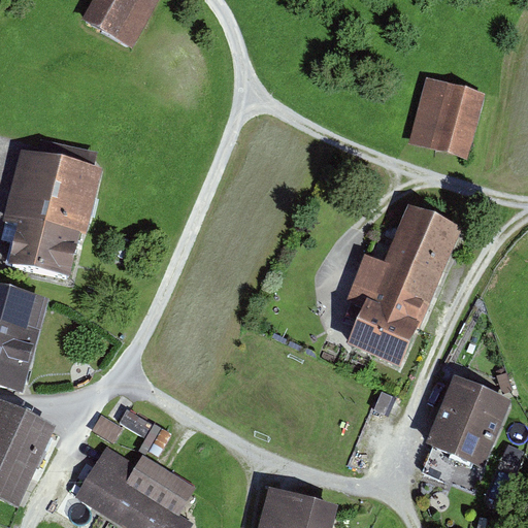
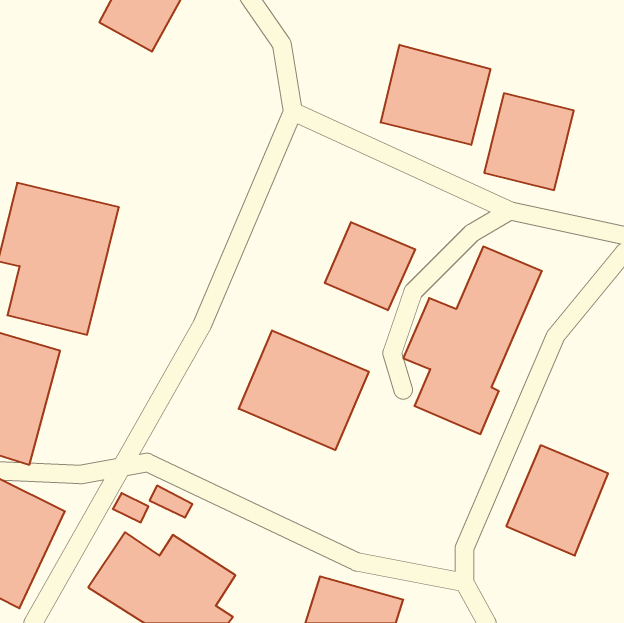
building: none -> [381,45,490,145]
building: none -> [325,222,415,310]
building: none -> [239,330,369,450]

